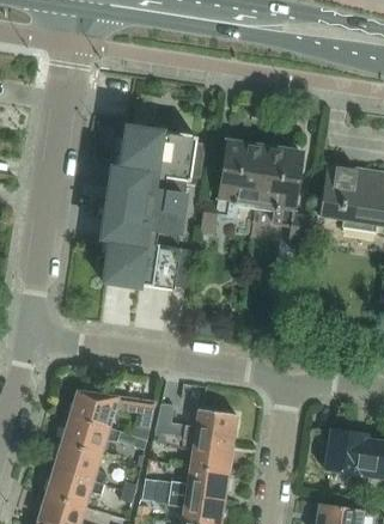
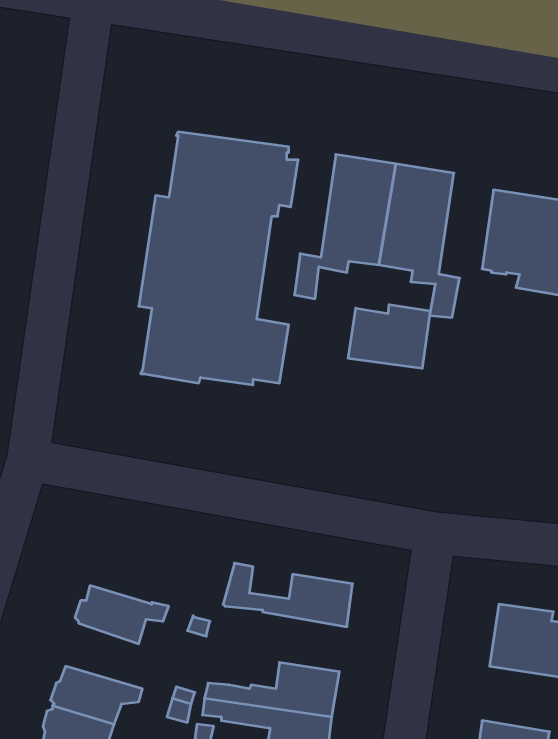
building: none -> [348,305,430,368]
building: [68,389,156,427] -> none
building: [154,428,233,470] -> none
building: [54,439,105,481] -> none

